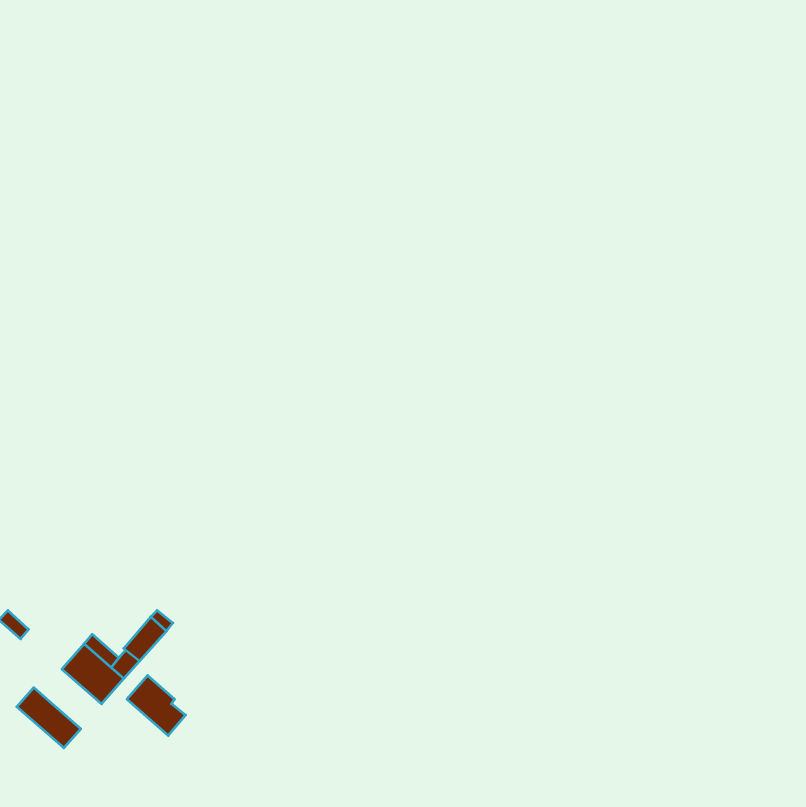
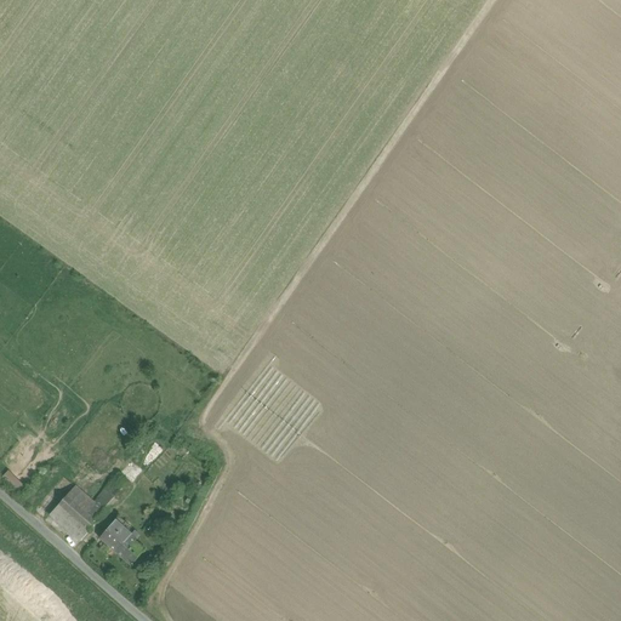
building: [17,688,81,748] -> none

